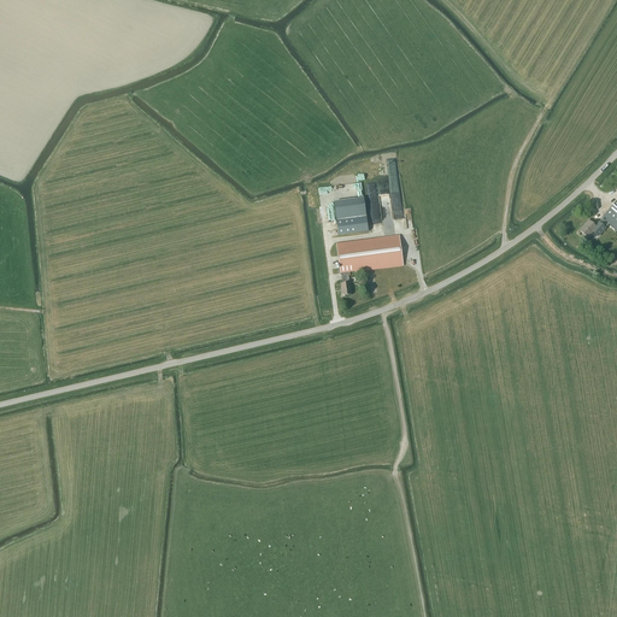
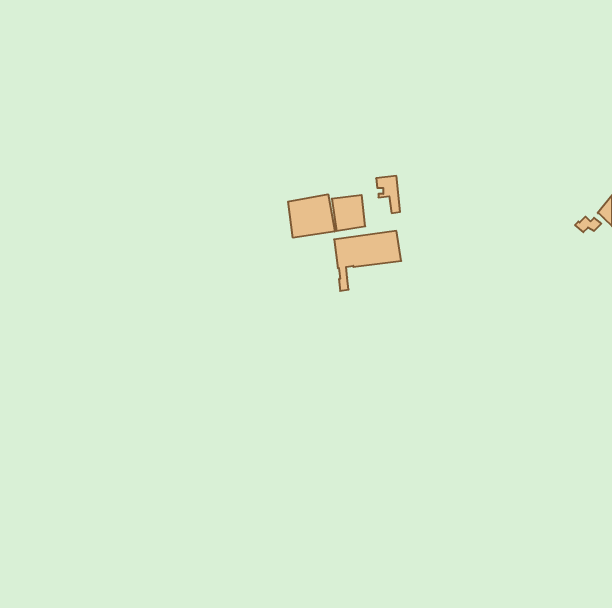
building: none -> [288,194,335,238]

